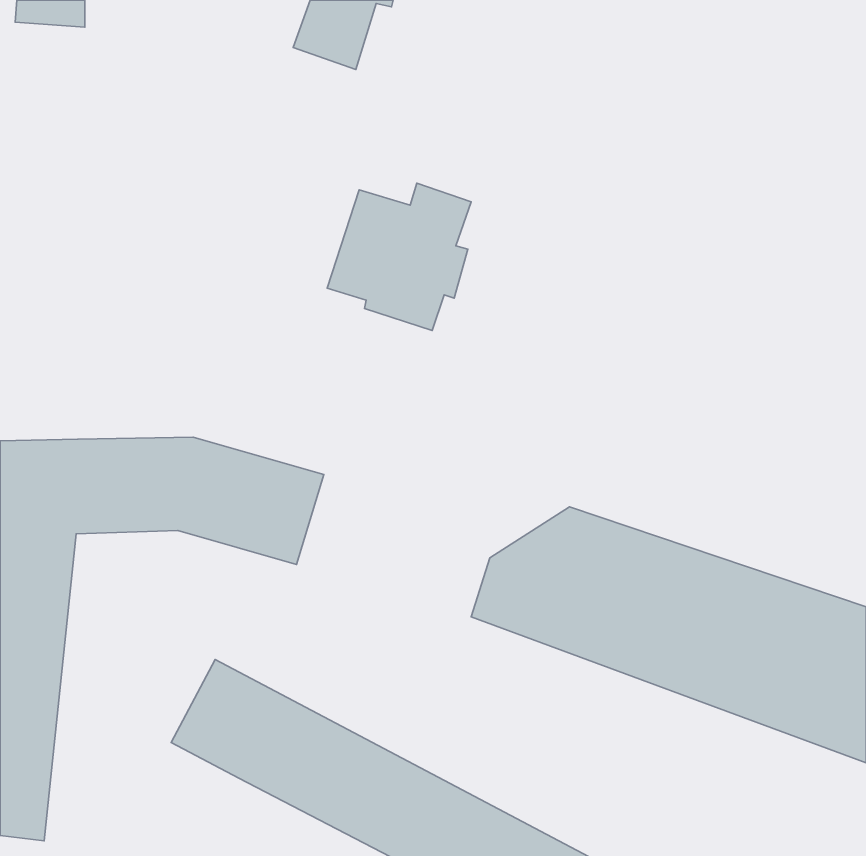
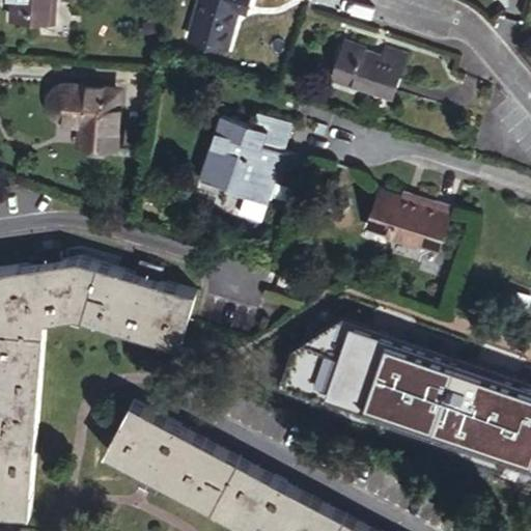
building: none -> [325,47,399,101]
building: none -> [52,87,114,144]
building: none -> [373,201,454,259]

